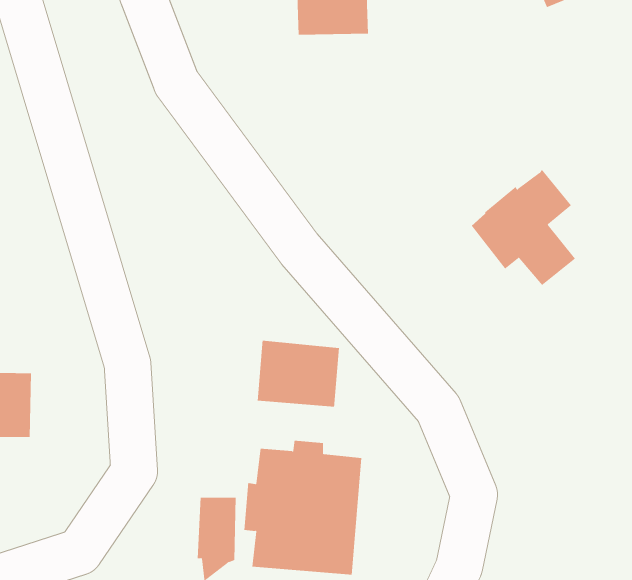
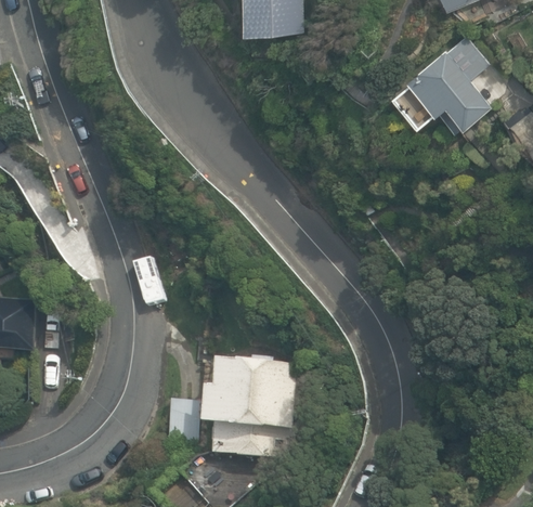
building: [471,169,576,286] -> [406,35,490,128]
building: [257,340,339,408] -> none

